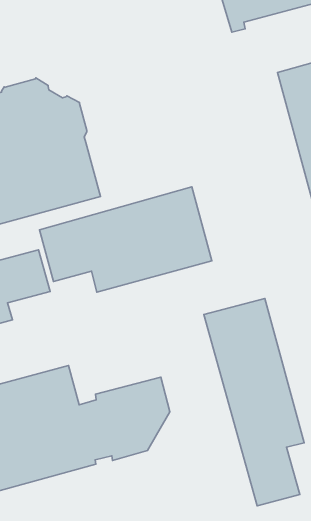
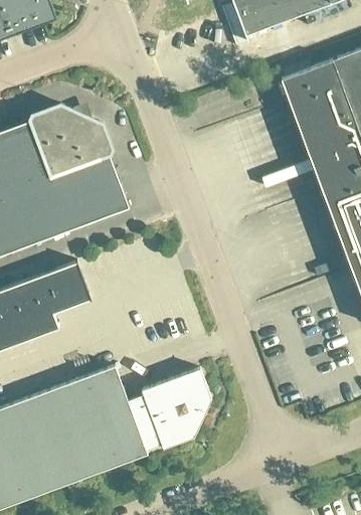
building: [39,187,212,292] -> none
building: [204,298,304,506] -> none

